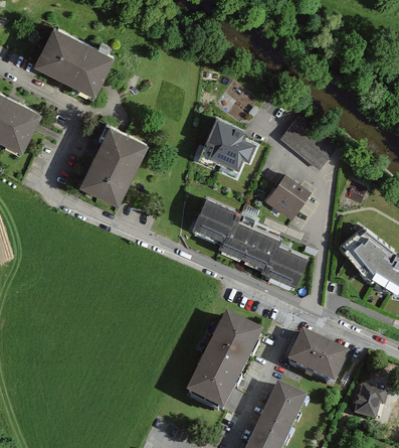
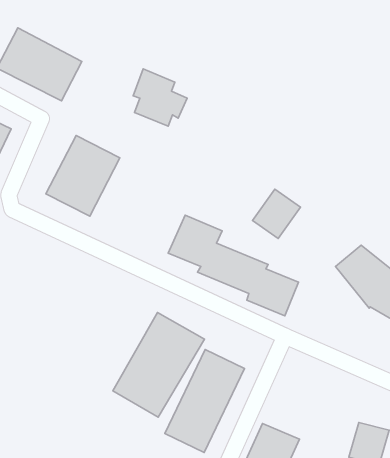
building: [207,119,255,170] -> [133,69,187,126]
building: [279,123,330,168] -> none
building: none -> [113,312,205,417]
building: [284,332,343,386] -> none

